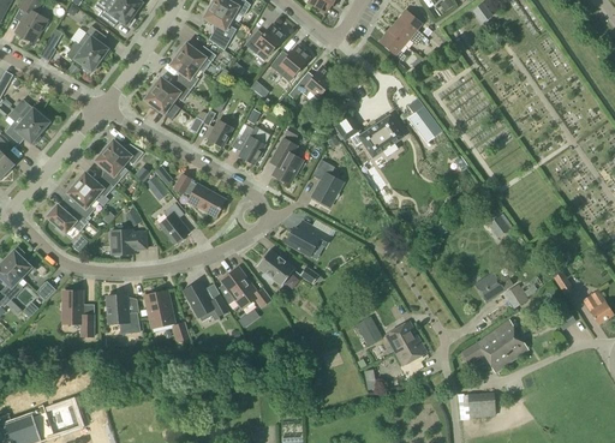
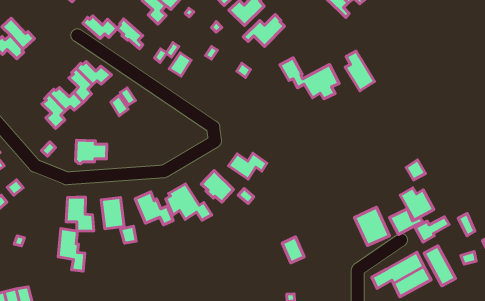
building: [150,78,190,103] -> [83,16,117,39]
building: [239,126,270,163] -> none
building: [269,137,303,184] -> none
building: [311,160,342,206] -> none
building: [174,174,225,216] -> none
building: [160,203,190,244] -> none
building: [47,205,88,233] -> none
building: none -> [400,188,434,220]
building: [64,291,94,336] -> [58,229,85,271]
building: none -> [424,246,455,286]
building: [384,321,426,365] -> [354,207,390,245]

